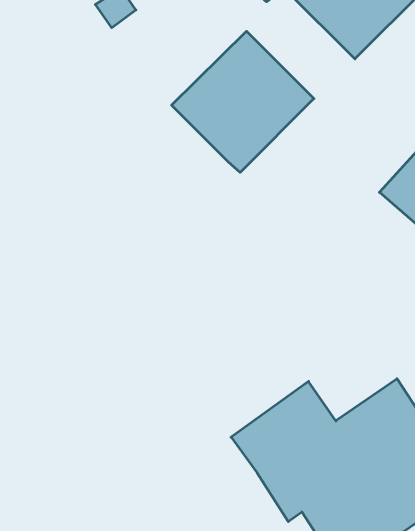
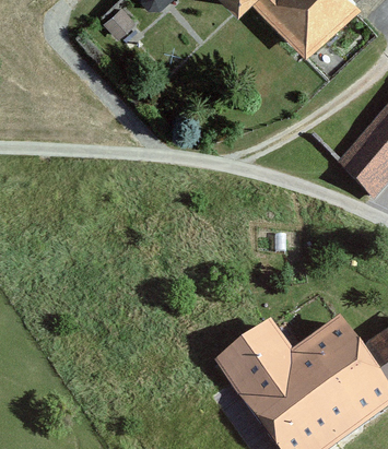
building: [172,31,314,172] -> none

